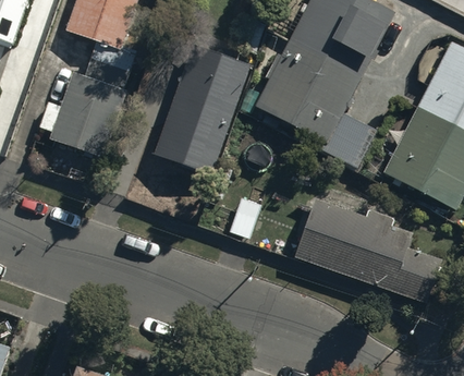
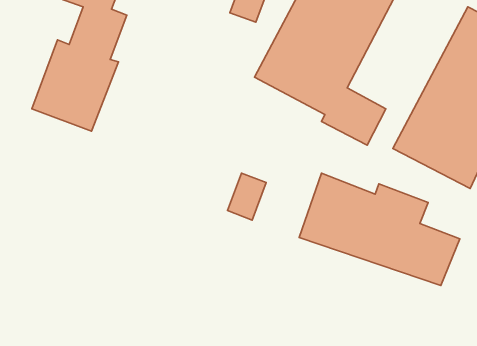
building: [152,45,252,177] -> none

